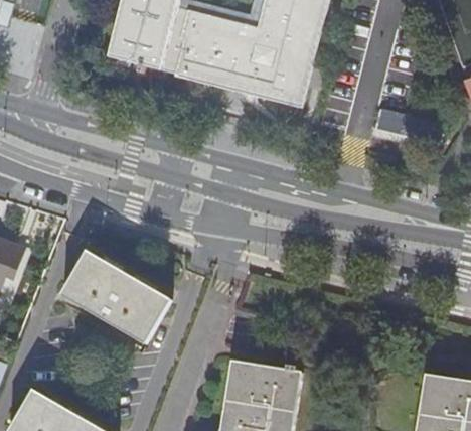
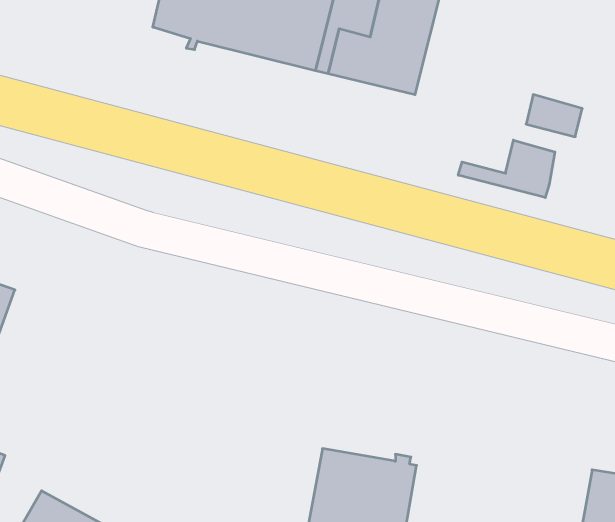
building: none -> [458,140,555,198]
building: [61,252,170,342] -> none

